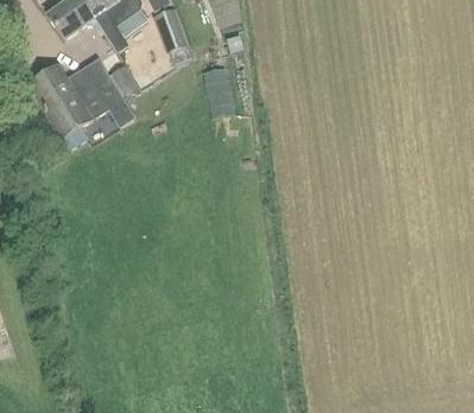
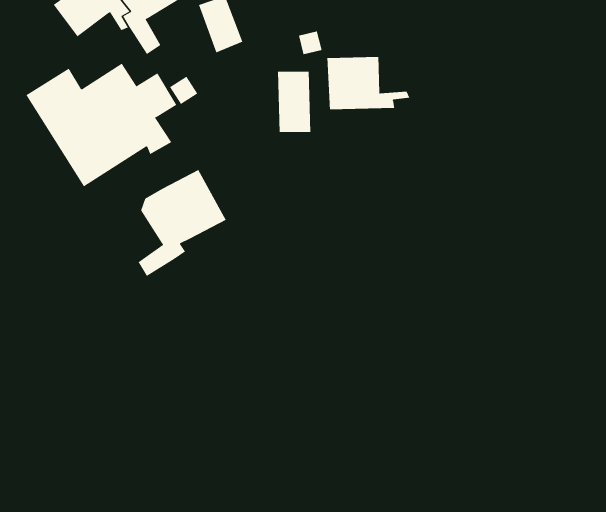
building: none -> [327,56,410,110]
building: none -> [138,169,226,277]

